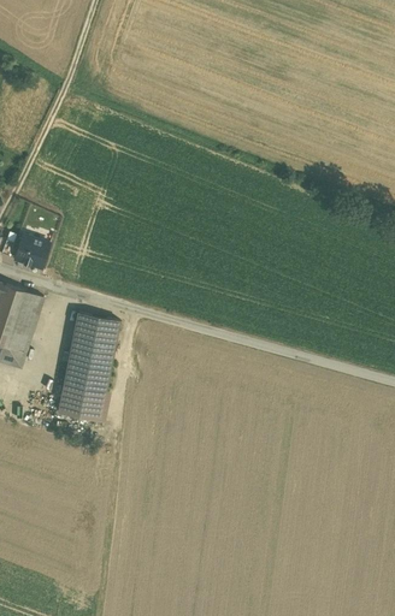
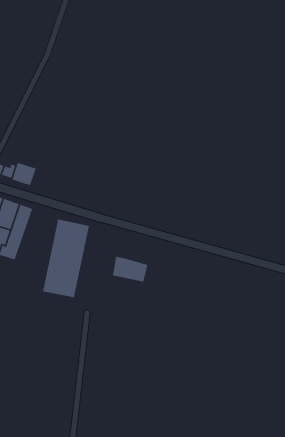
building: none -> [112,256,148,283]

